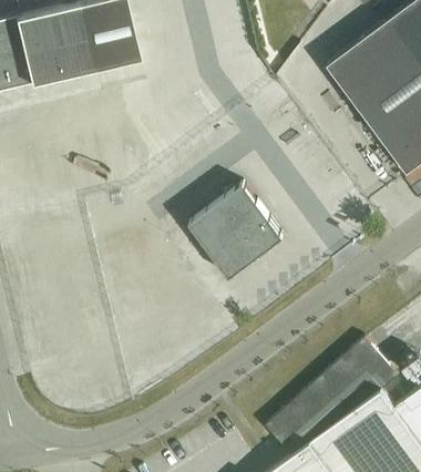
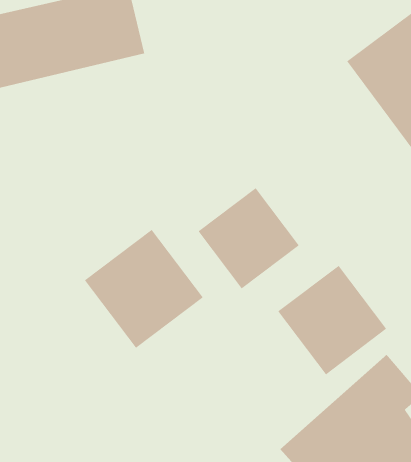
building: none -> [84,229,204,349]
building: none -> [277,265,387,375]

